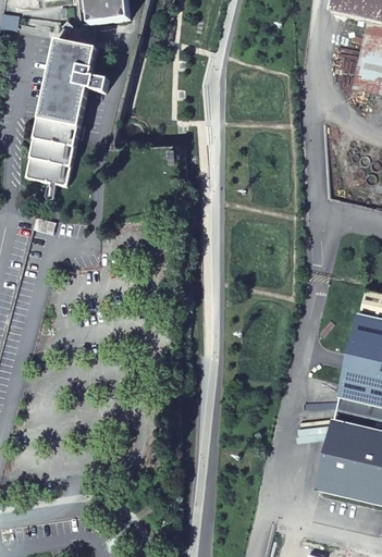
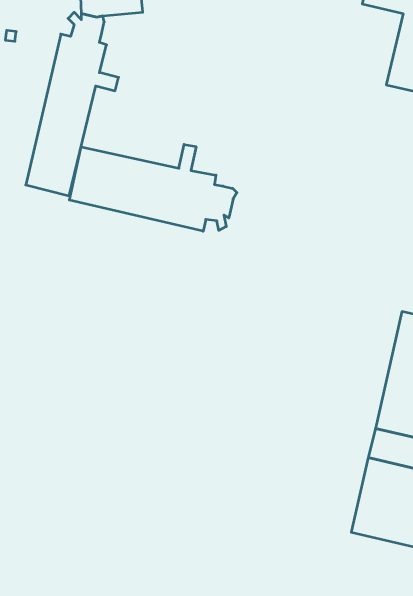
building: none -> [69,144,237,231]

